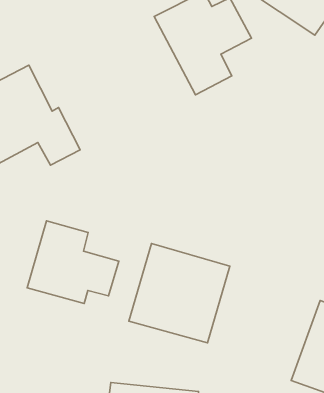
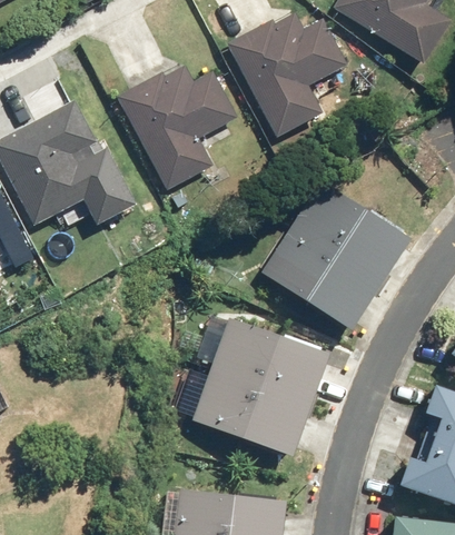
building: none -> [111,63,233,191]
building: none -> [264,189,403,328]
building: [27,221,119,303] -> none

